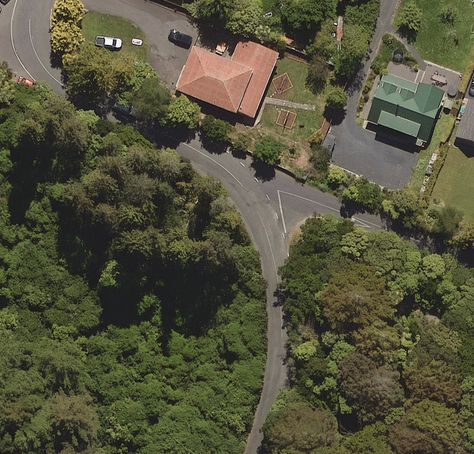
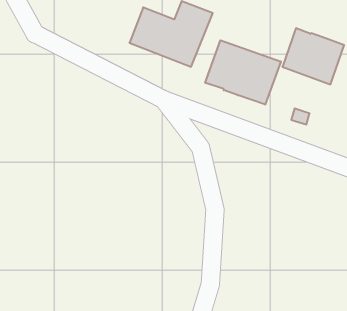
building: none -> [205,40,281,105]

